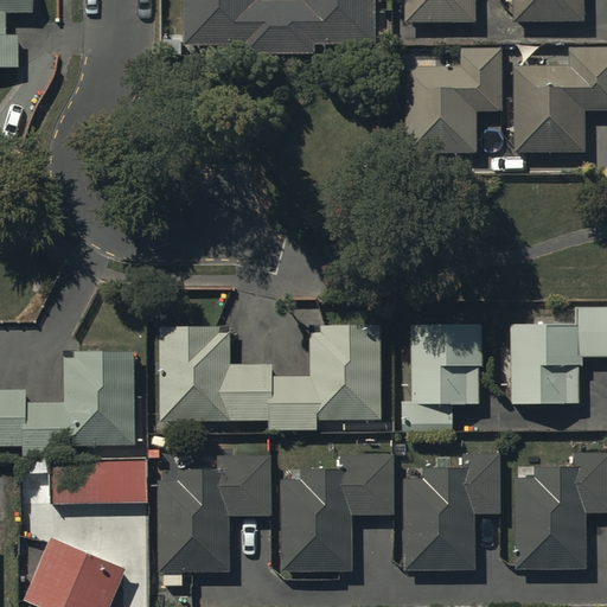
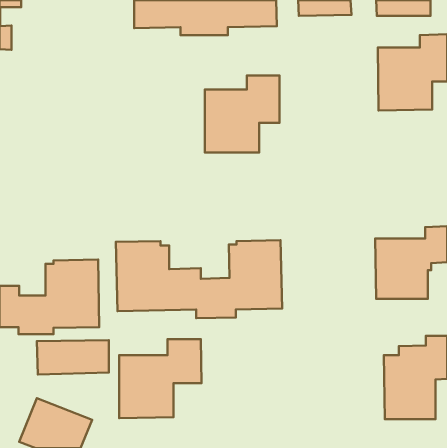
building: [402,46,503,151] -> [205,75,279,153]
building: [401,324,481,433] -> none
building: [408,452,504,566] -> none
building: [280,458,390,563] -> none

